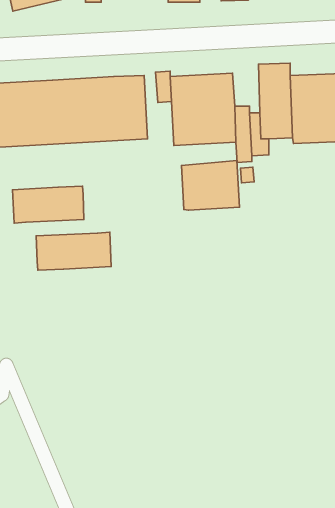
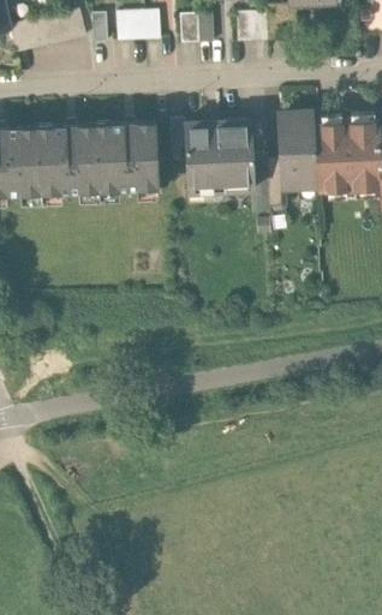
building: [182,161,239,210] -> none
building: [13,186,84,223] -> none
building: [36,232,111,270] -> none

